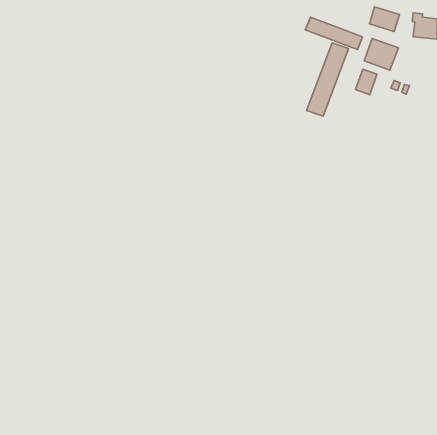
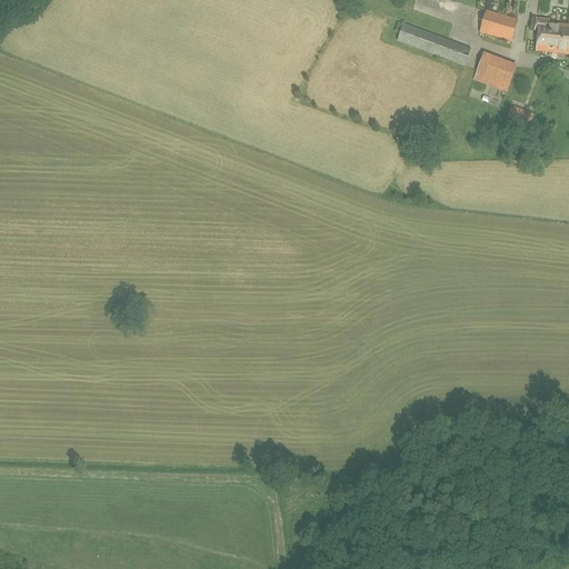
building: [307,43,349,116] -> none
building: [356,69,377,95] -> none

